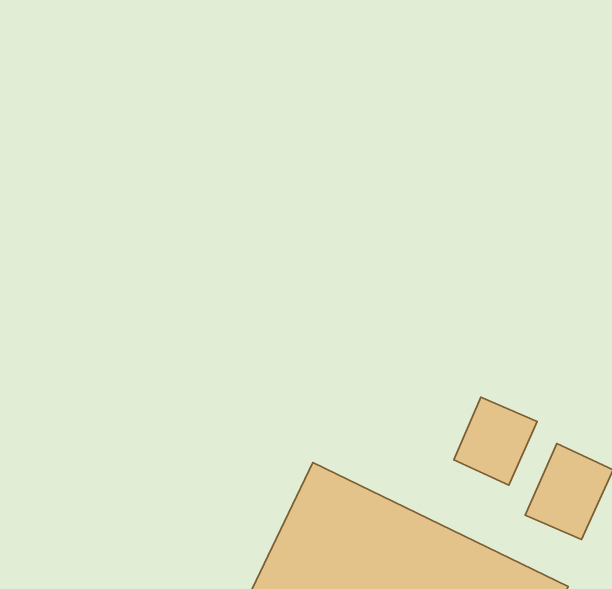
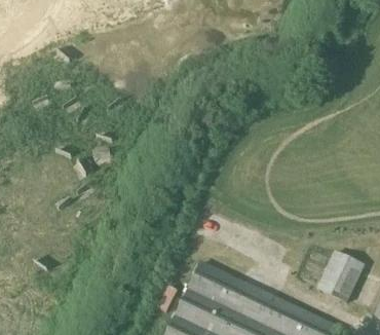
building: [454,397,537,485] -> none

